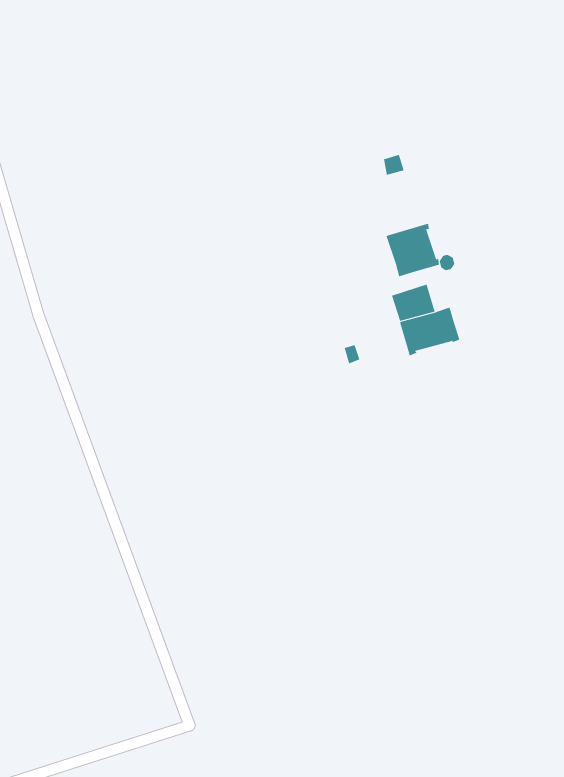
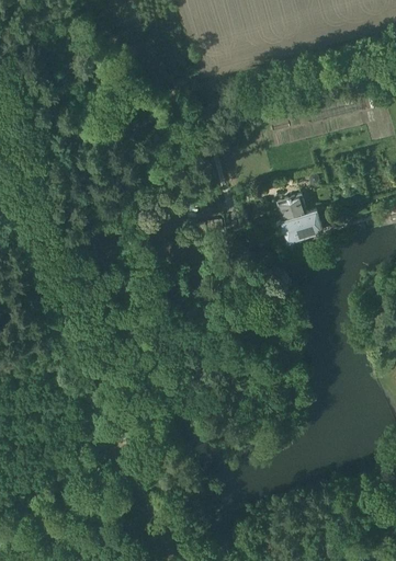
building: [386,223,439,277] -> none

